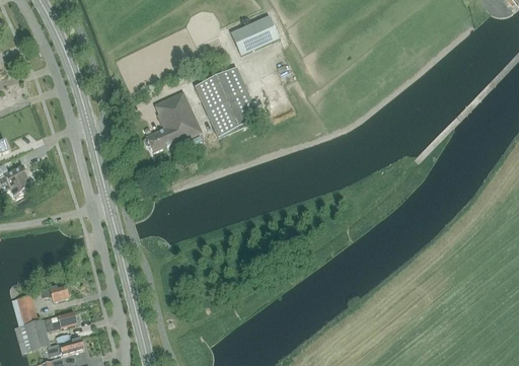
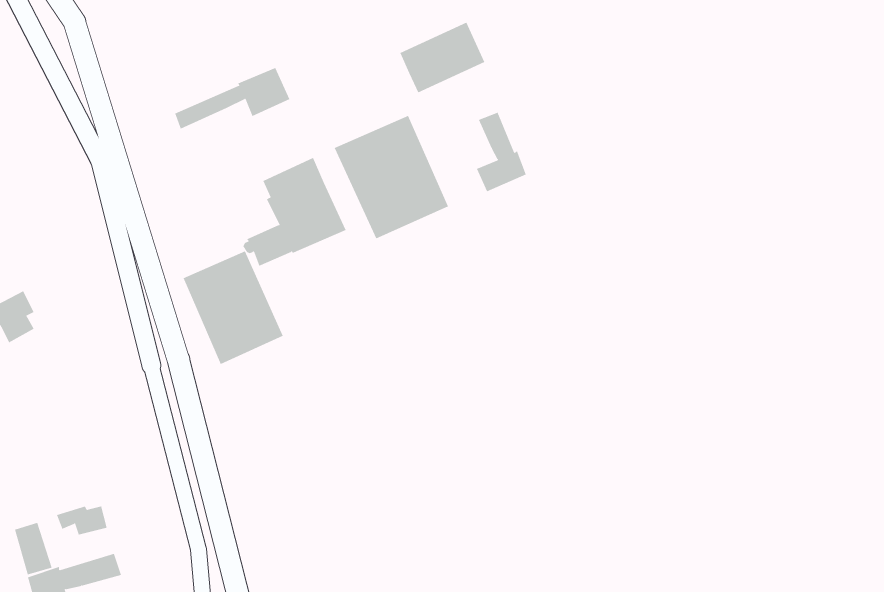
building: none -> [175,67,290,130]
building: none -> [476,112,526,192]
building: none -> [183,250,284,365]

